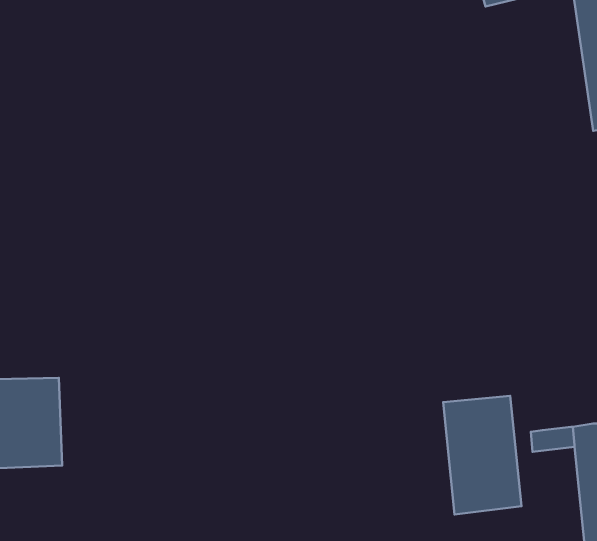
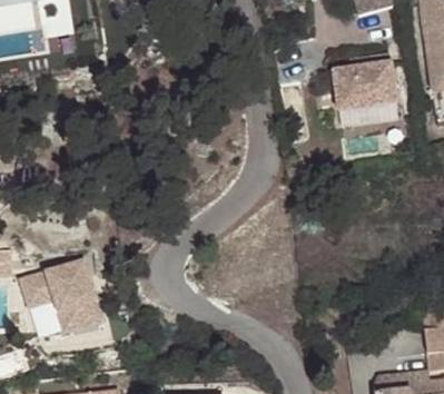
building: none -> [335,70,397,118]
building: [443,396,521,515] -> none

